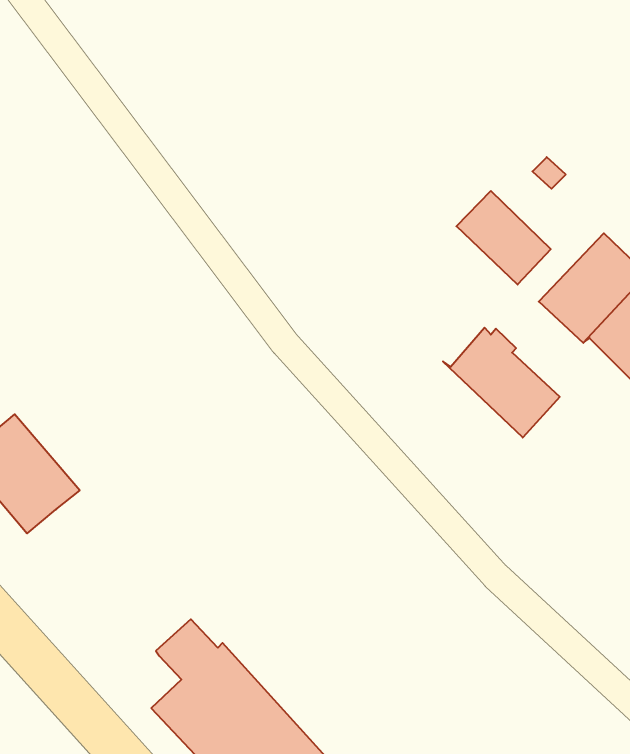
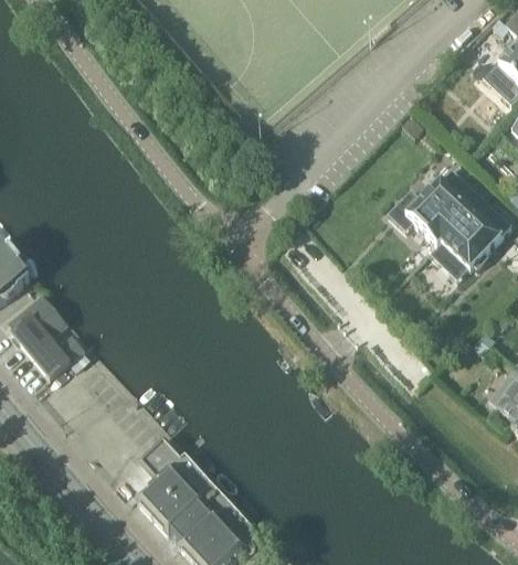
building: [456,191,551,285] -> none
building: [443,328,560,438] -> none

